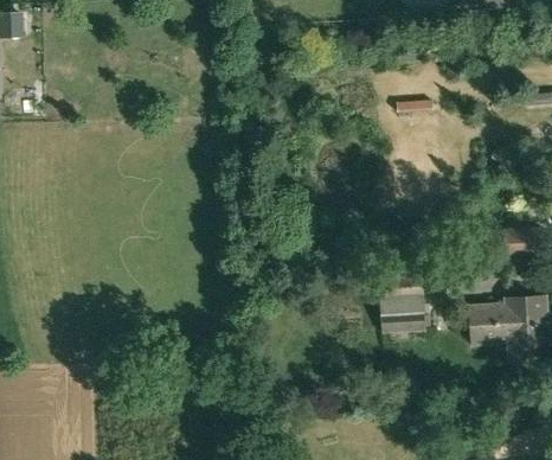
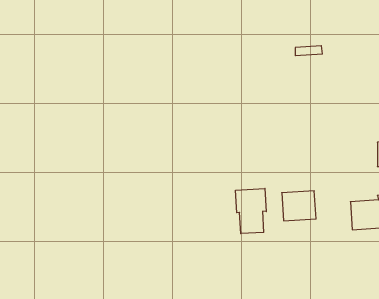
building: none -> [236,188,266,234]

